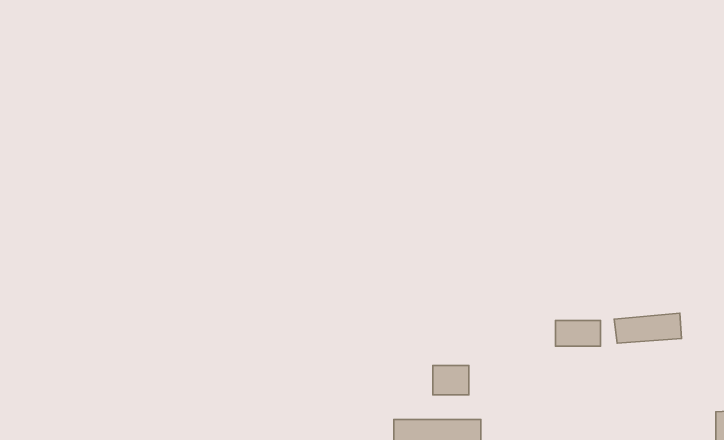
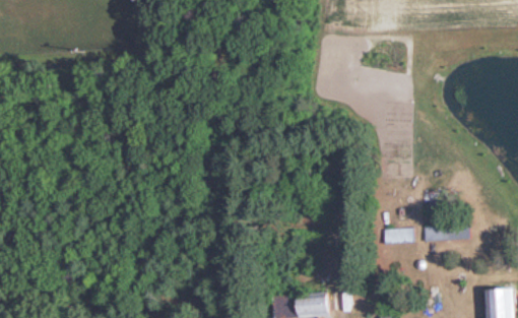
building: [433,365,469,395] -> none

